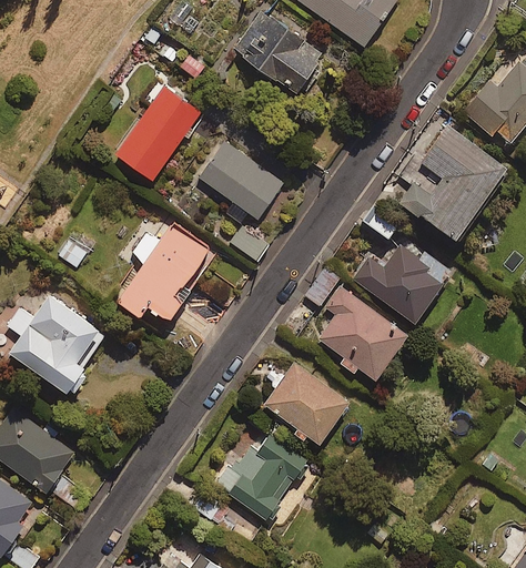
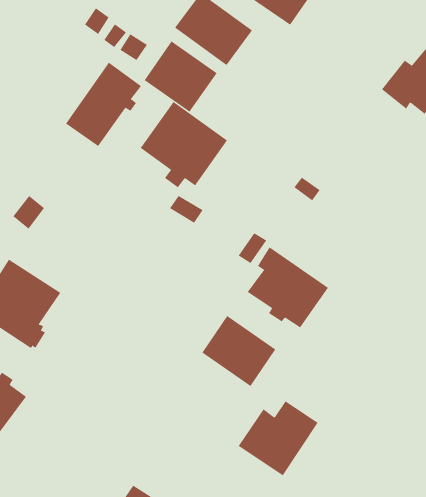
building: none -> [144,40,217,113]
building: [401,121,504,234] -> none
building: [118,224,208,318] -> none
building: [353,243,451,323] -> none
building: [216,437,305,520] -> [238,401,319,476]

